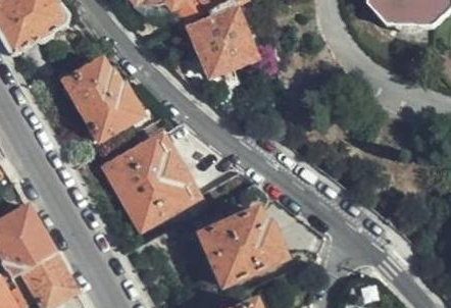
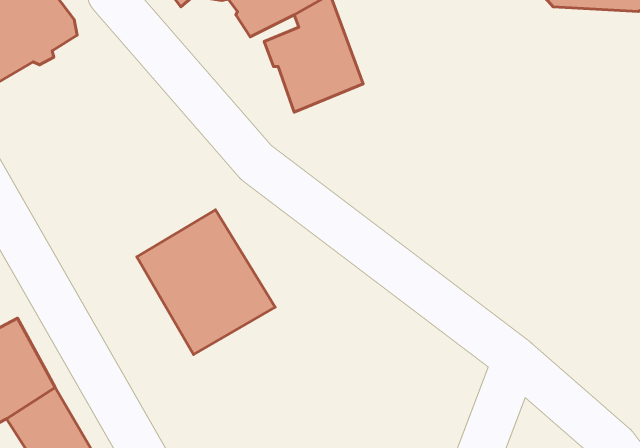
building: [66,60,141,140] -> none
building: [201,211,278,287] -> none

